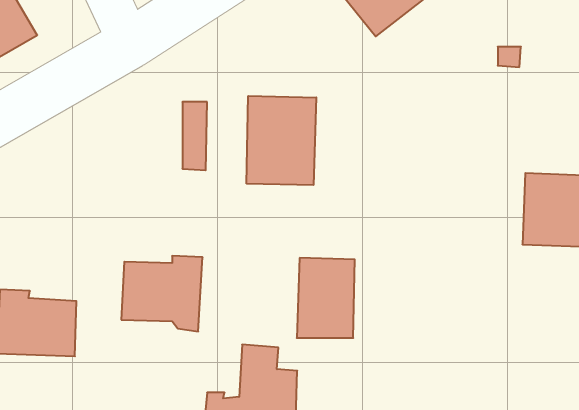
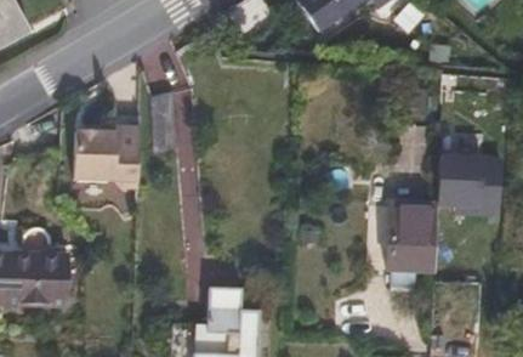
building: [247,96,316,185] -> none
building: [121,256,203,331] -> [75,123,143,186]
building: [297,258,355,338] -> [381,206,430,273]

